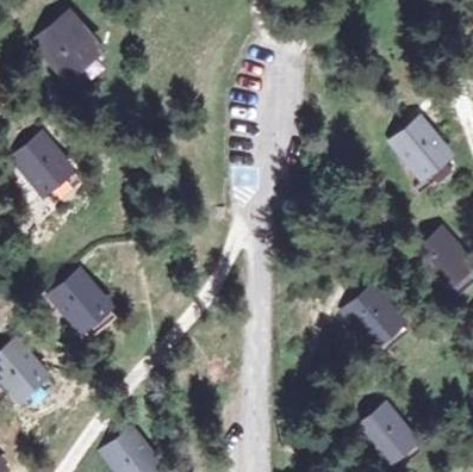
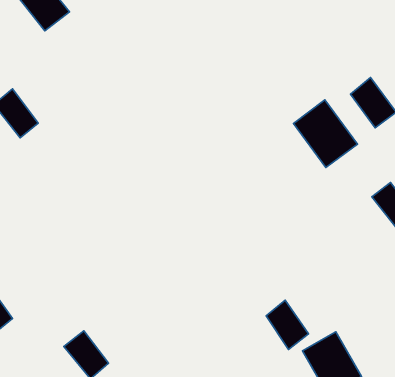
building: none -> [293,100,357,168]
building: [54,281,104,336] -> none
building: [343,282,388,335] -> [266,300,309,349]

